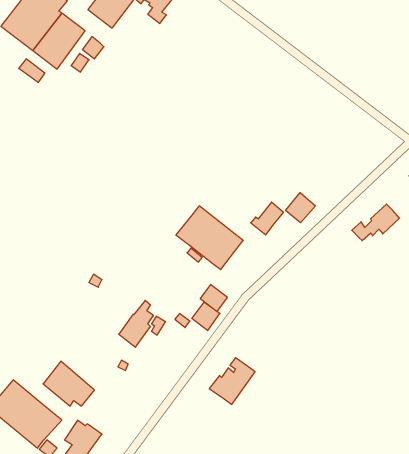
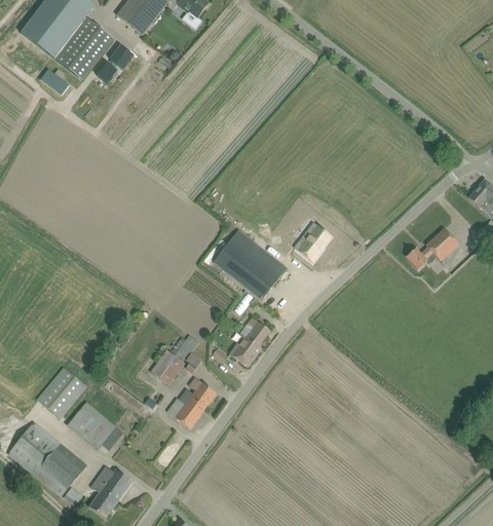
building: [286,193,315,223] -> none
building: none -> [36,367,86,418]
building: [209,358,255,404] -> [165,377,216,428]

